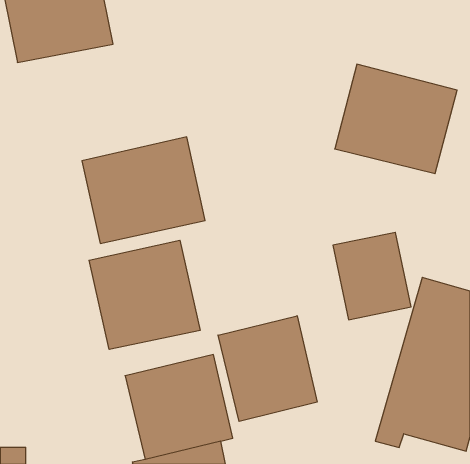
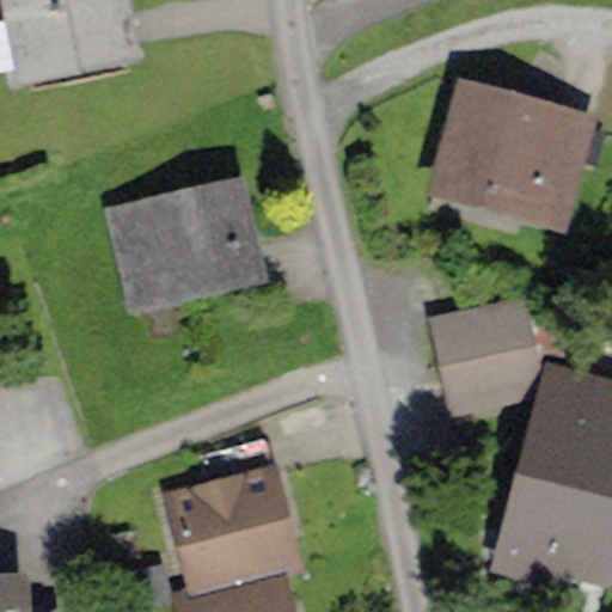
building: [89,240,200,349] -> none
building: [218,316,317,421] -> none

